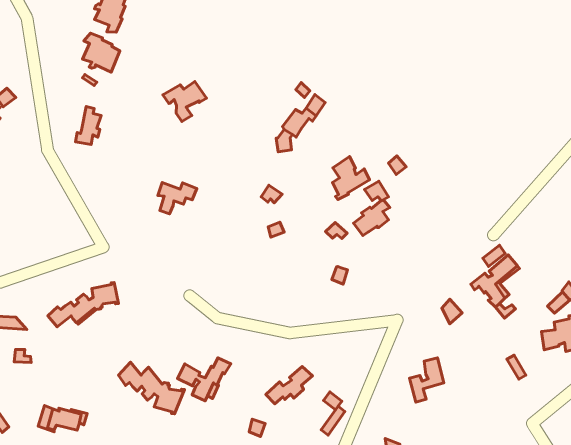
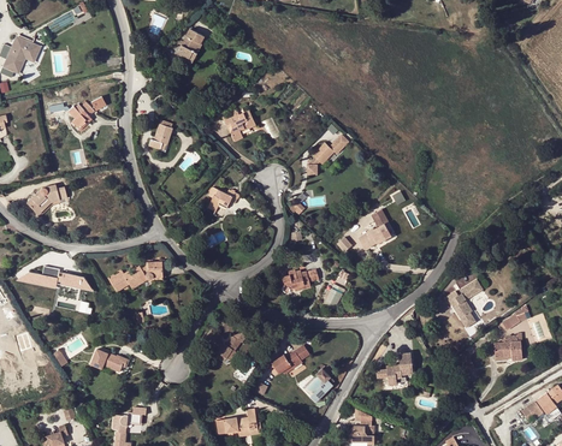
building: [83,33,120,72] -> none
building: [332,156,370,200] -> none
building: none -> [280,268,318,292]
building: [118,362,185,414] -> none

